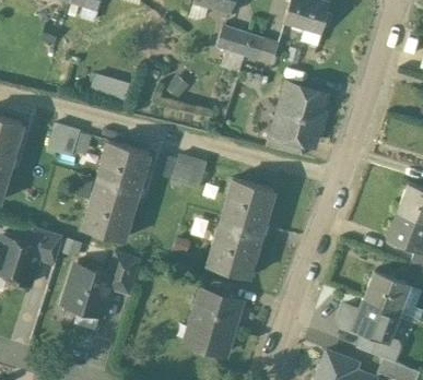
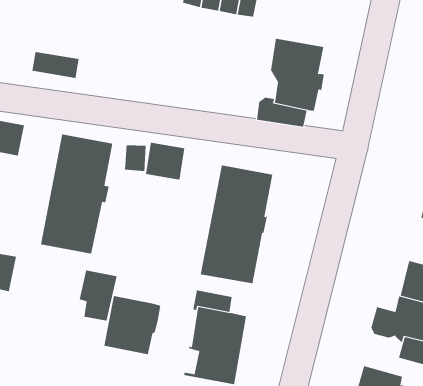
building: [64,264,114,314] -> [103,295,161,355]

